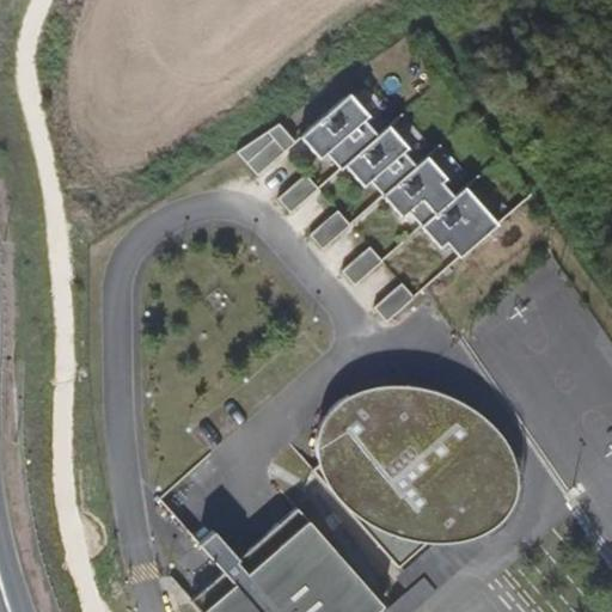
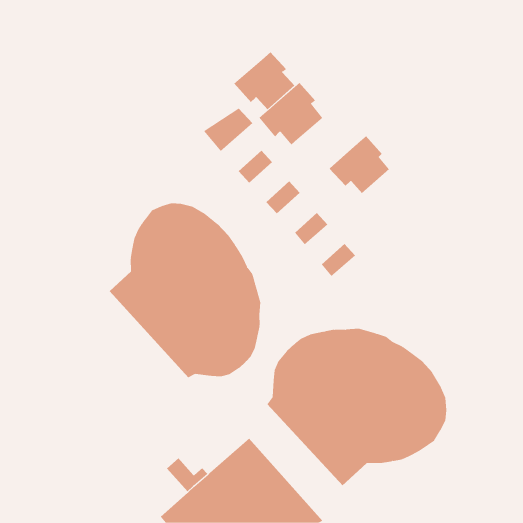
building: [345,128,417,196] -> [234,52,295,110]
building: [423,189,500,258] -> none
building: none -> [109,202,261,378]

